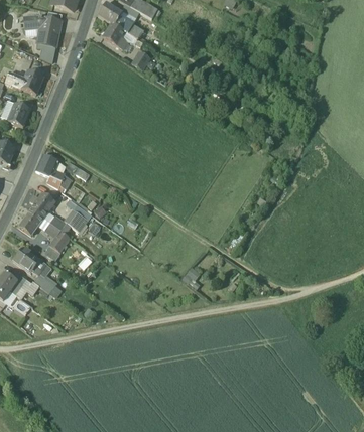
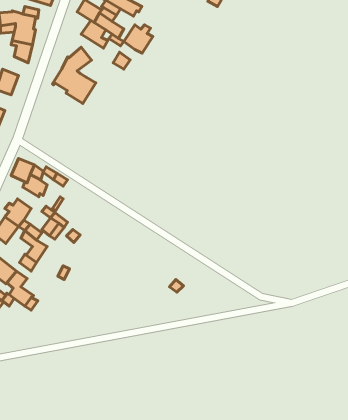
building: none -> [124,25,153,53]
building: none -> [53,47,96,103]

